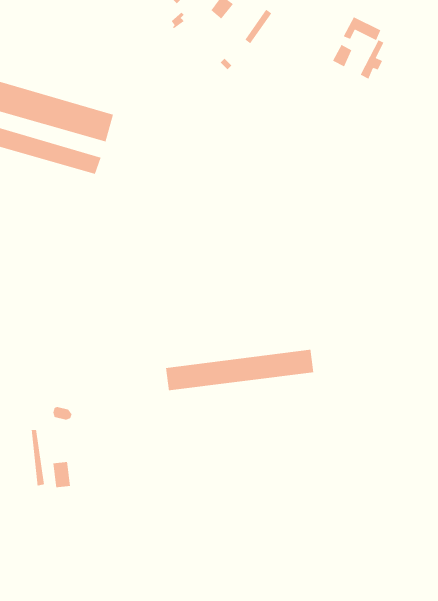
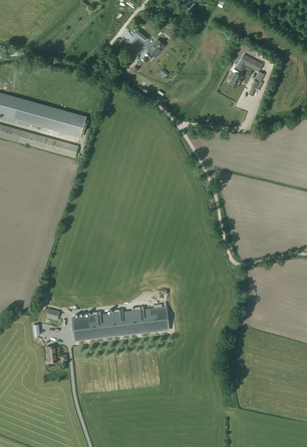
building: [165,349,314,391] -> [72,305,170,332]

